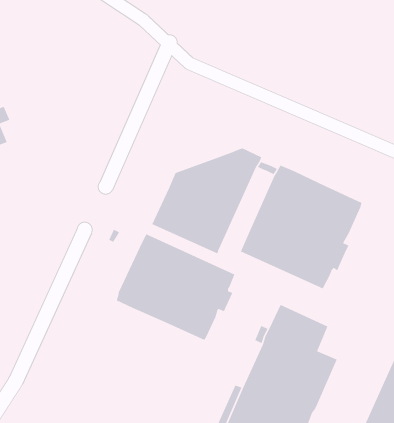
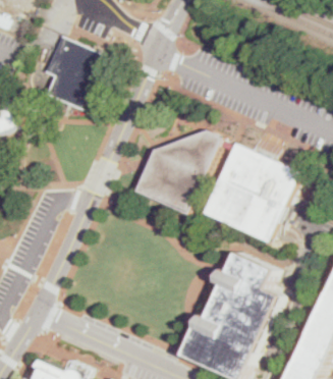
building: none -> [40,36,102,110]
building: [116,233,235,341] -> none

